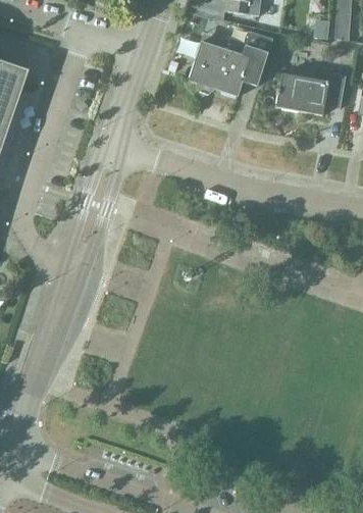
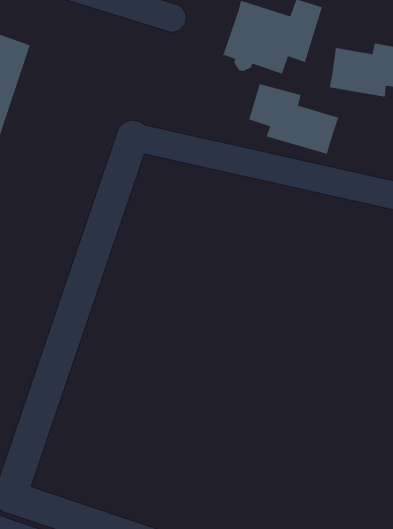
building: none -> [248,83,339,155]

